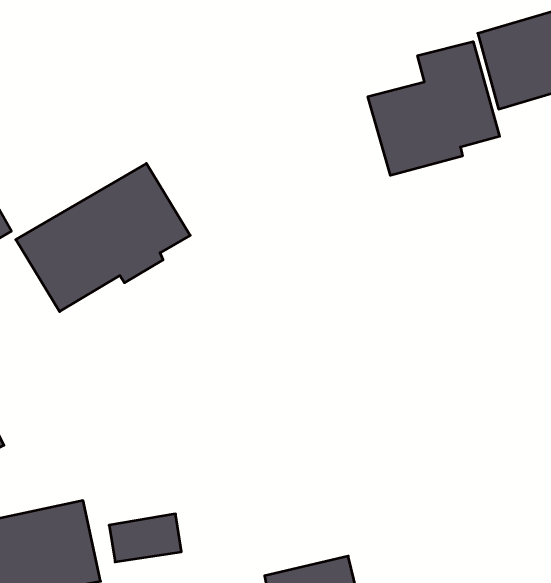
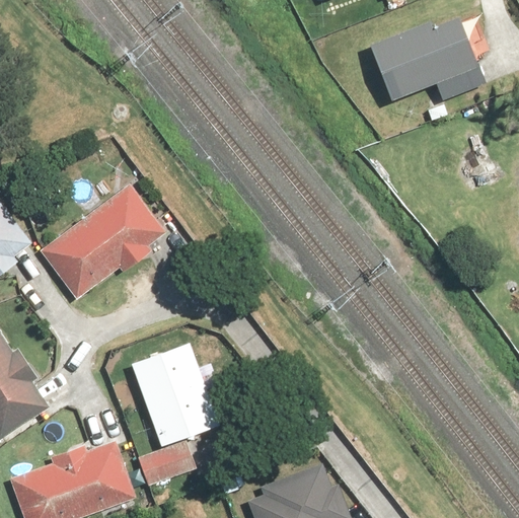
building: [368,42,500,175] -> none
building: none -> [131,344,217,447]

